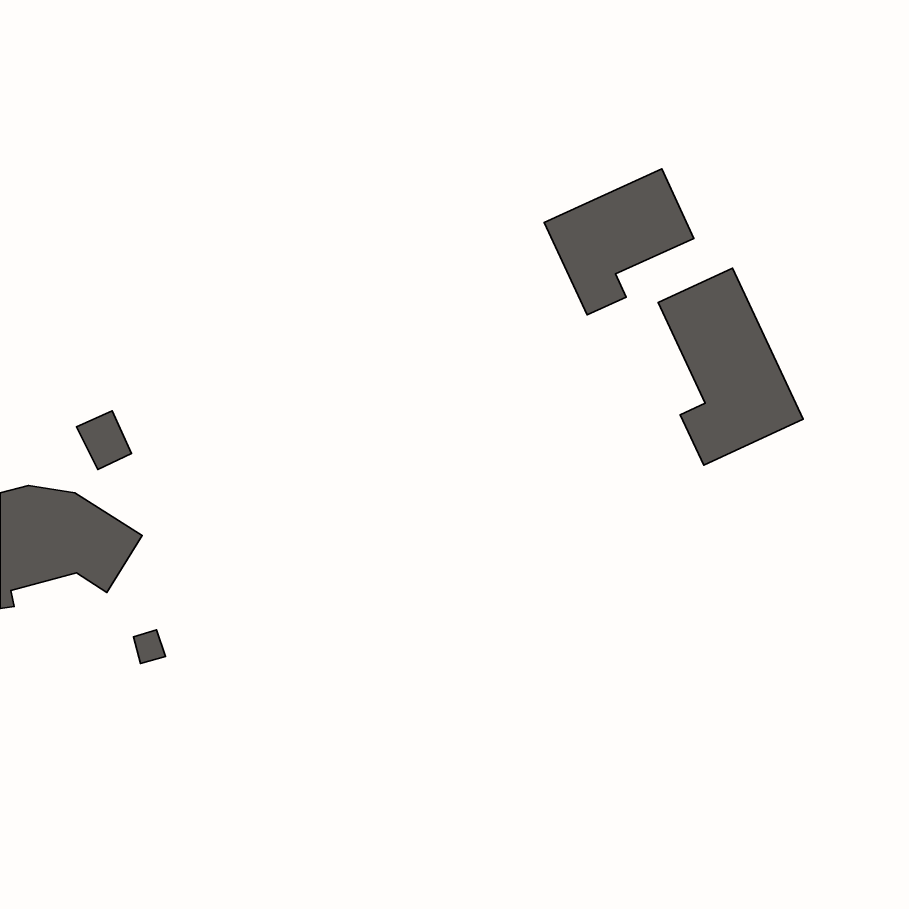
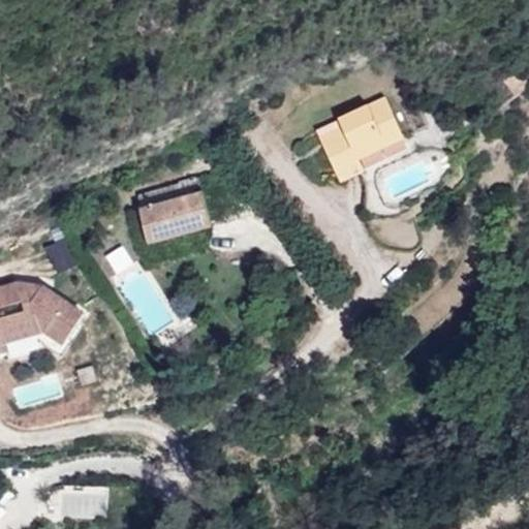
building: [658,268,803,465] -> none
building: none -> [134,178,211,245]

